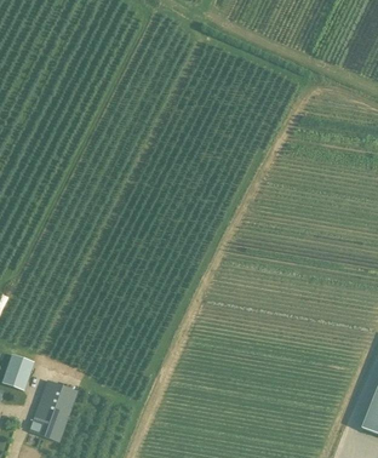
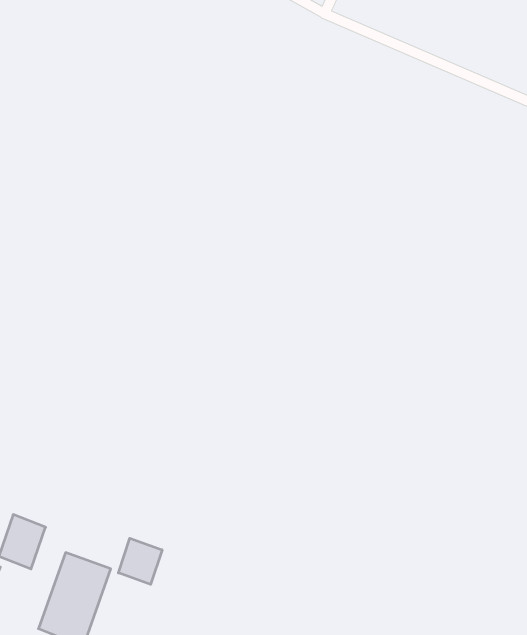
building: none -> [118,538,162,584]

